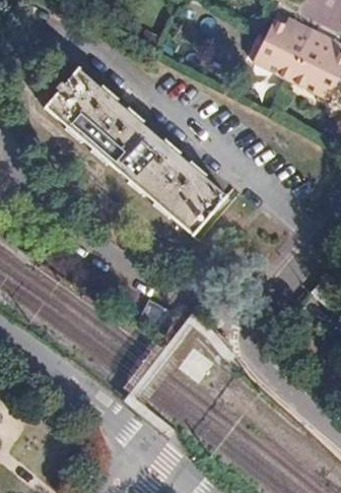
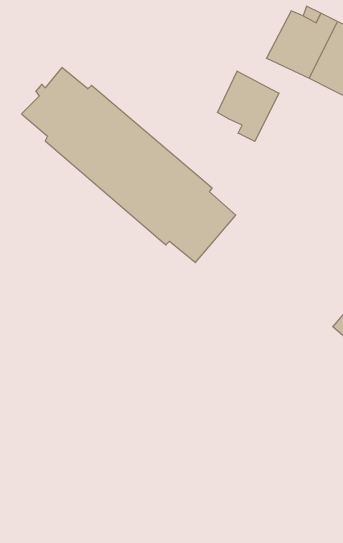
building: none -> [218,71,279,141]

